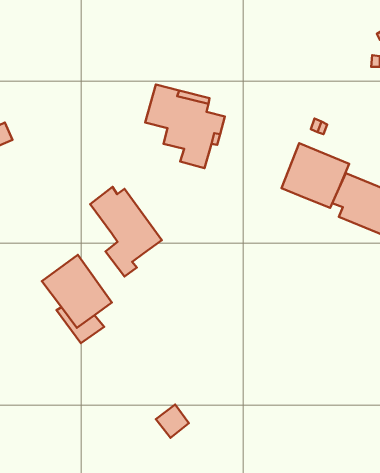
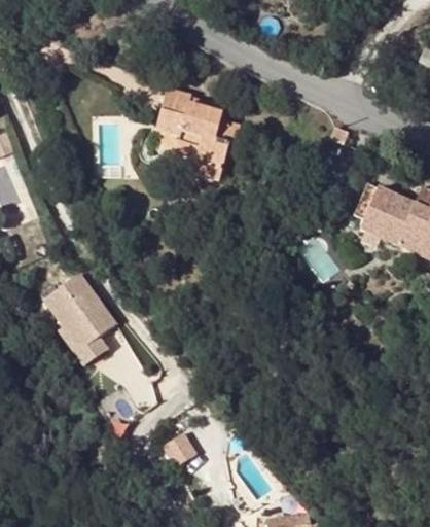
building: [281,143,349,208] -> none
building: [90,187,162,276] -> none

